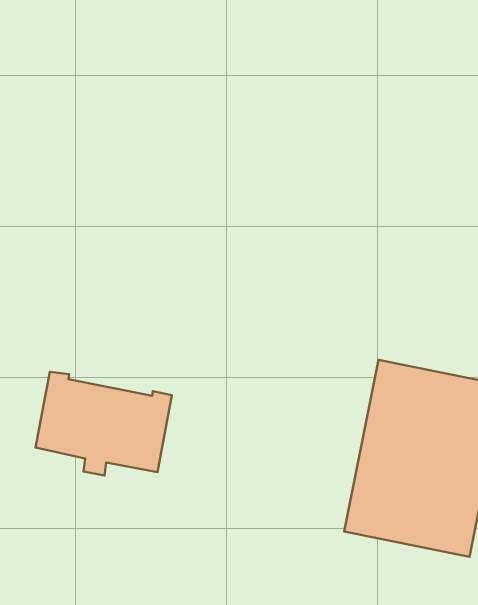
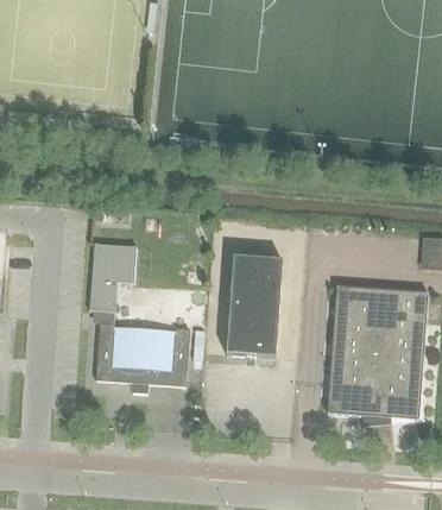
building: none -> [89,244,137,313]
building: none -> [227,258,283,359]

